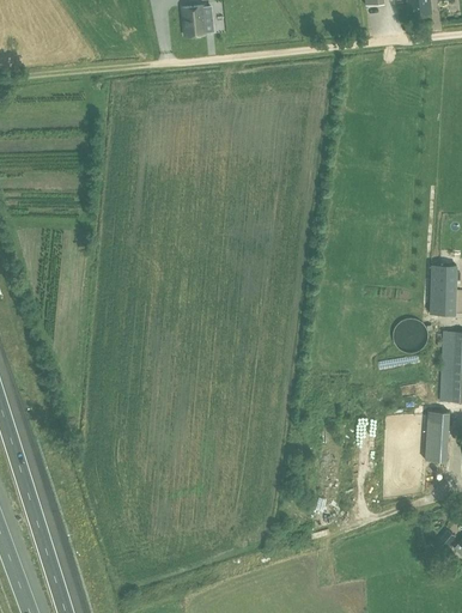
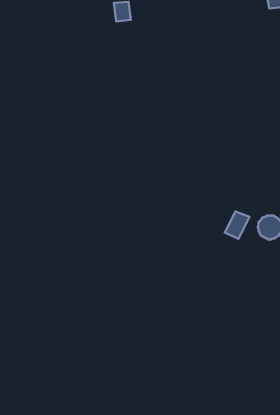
building: none -> [225,211,249,239]

